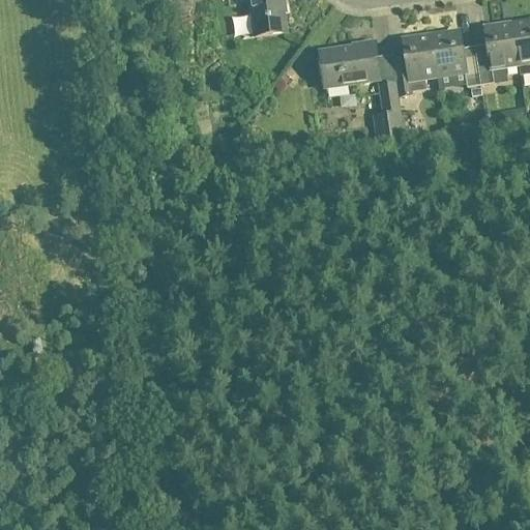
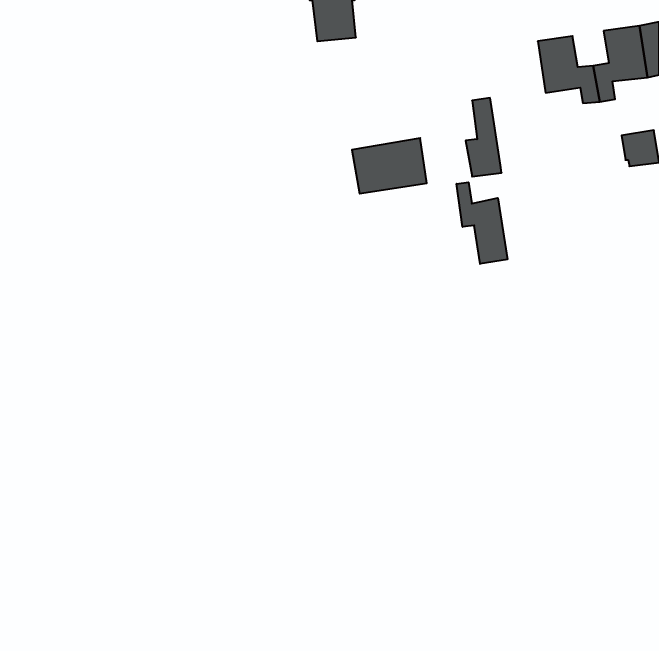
building: [393,33,438,95] -> none
building: [320,40,380,85] -> [352,138,427,194]
building: none -> [457,182,507,264]

